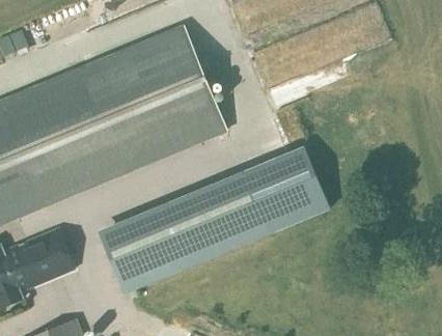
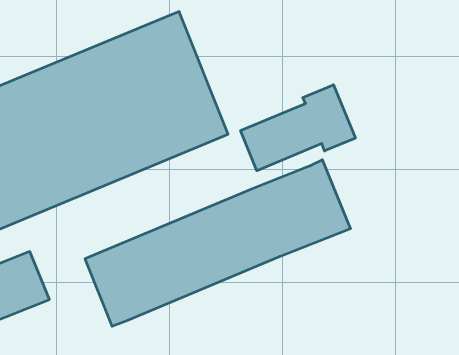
building: none -> [241,85,355,171]

